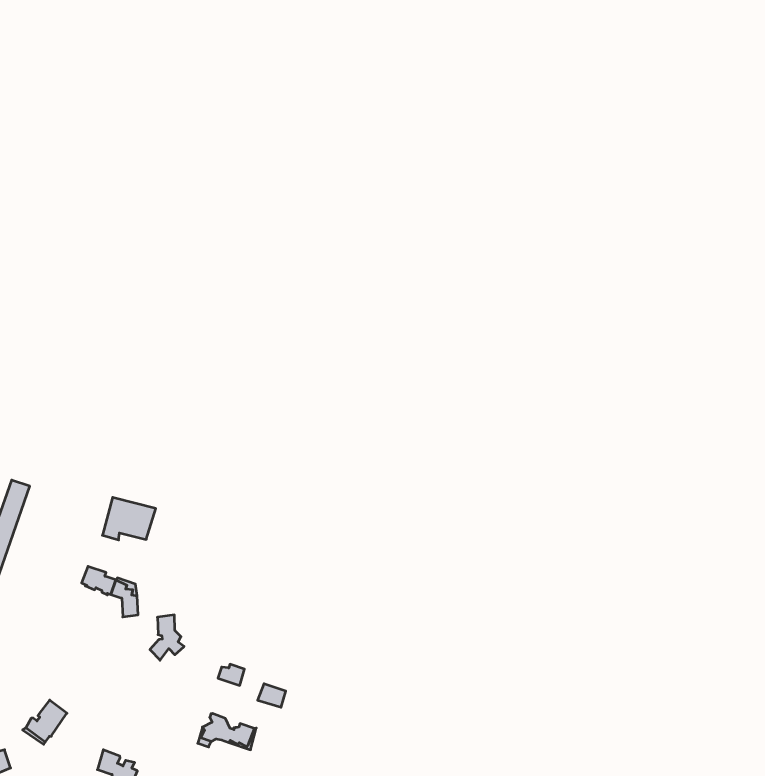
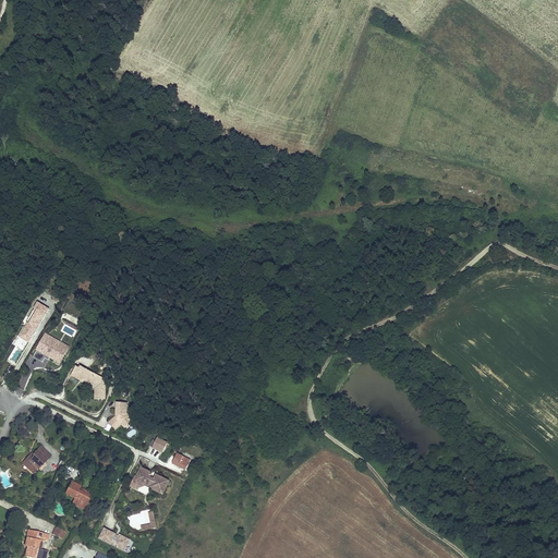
building: [102,497,156,540] -> [33,333,69,363]

